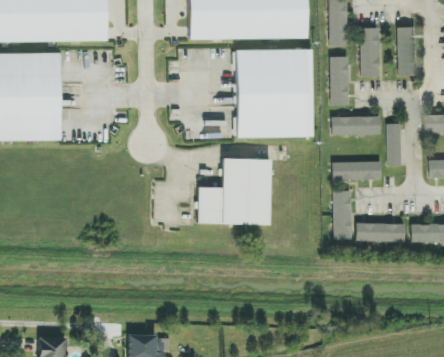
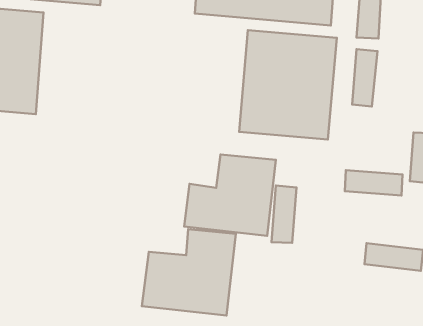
building: [359,28,378,76] -> none
building: [331,116,380,135] -> none
building: [332,191,351,240] -> [271,185,297,243]
building: none -> [142,229,236,316]

